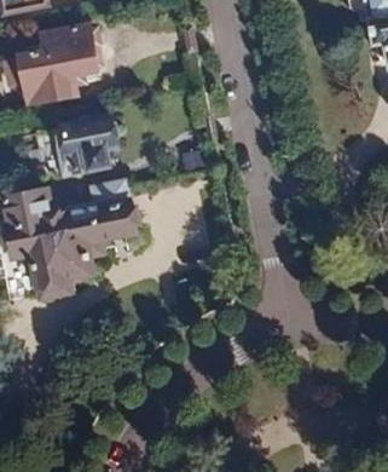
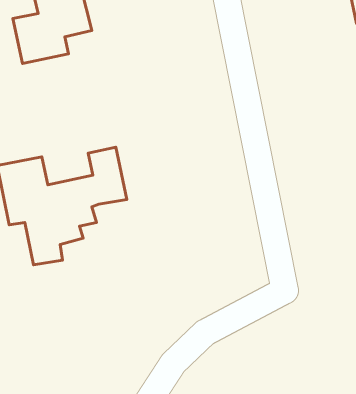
building: [62,115,116,169] -> none

